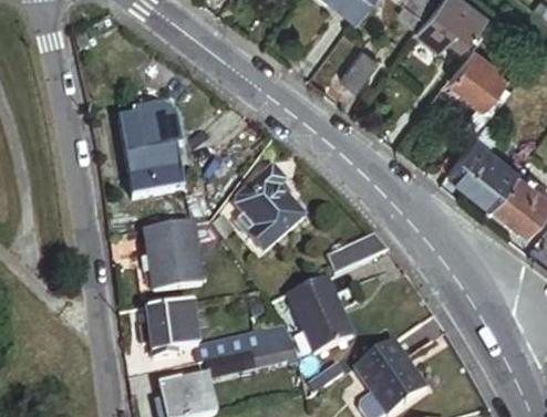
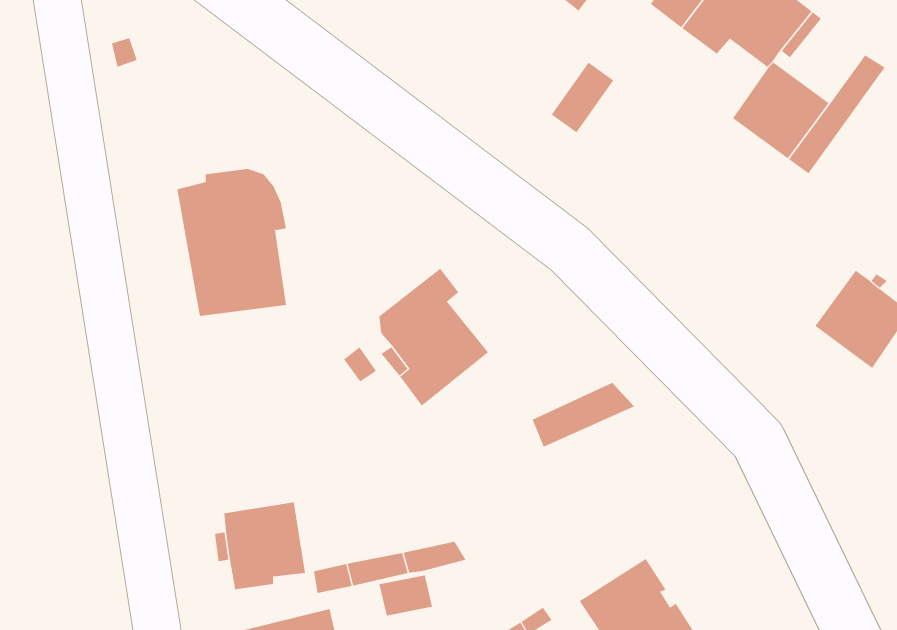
building: [451,124,519,201] -> none
building: [144,222,200,292] -> none
building: [288,277,352,355] -> none

